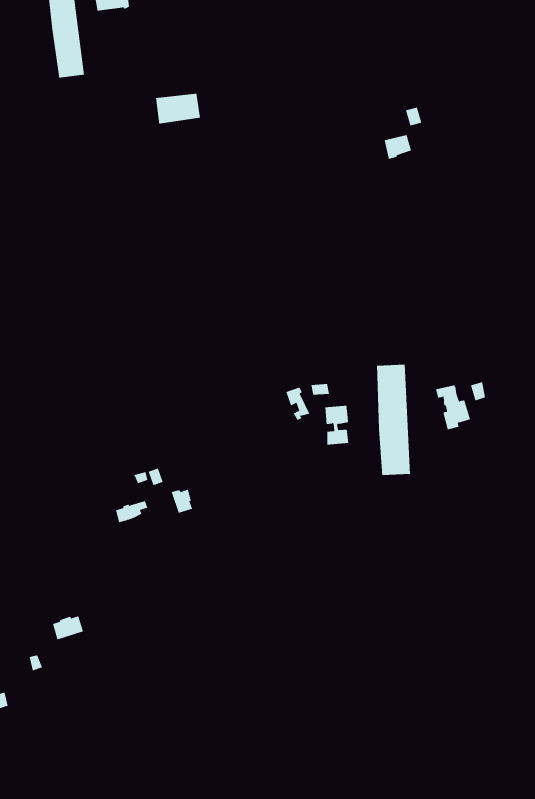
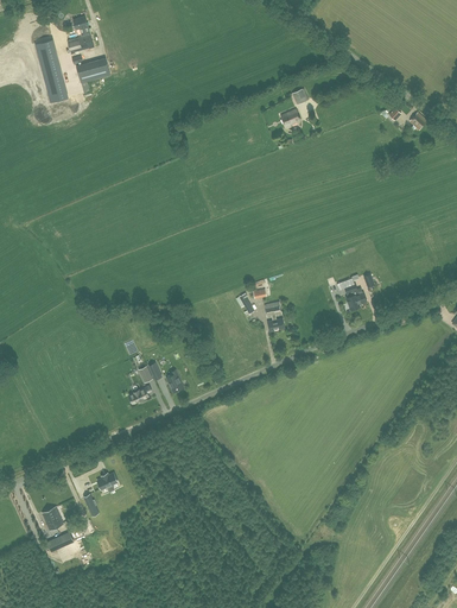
building: [155,93,201,124] -> [77,57,110,82]
building: [376,364,410,476] -> none

